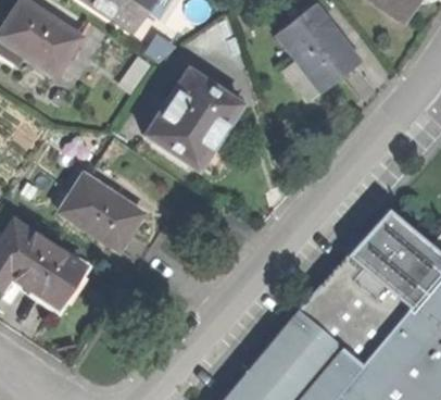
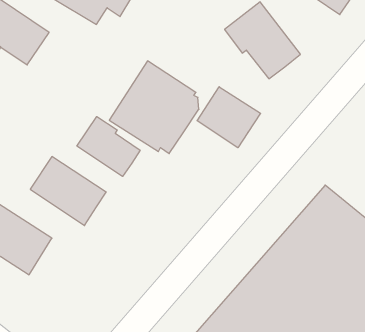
building: none -> [197,87,261,148]
building: none -> [77,117,140,176]

